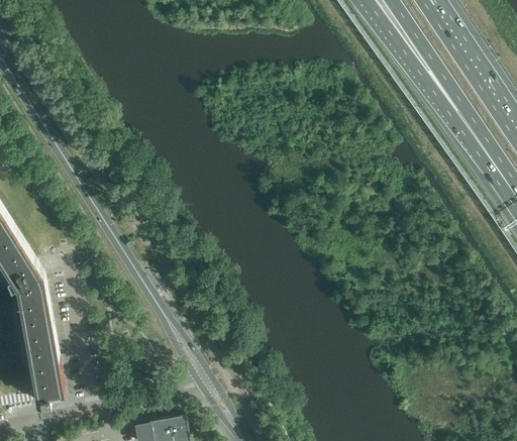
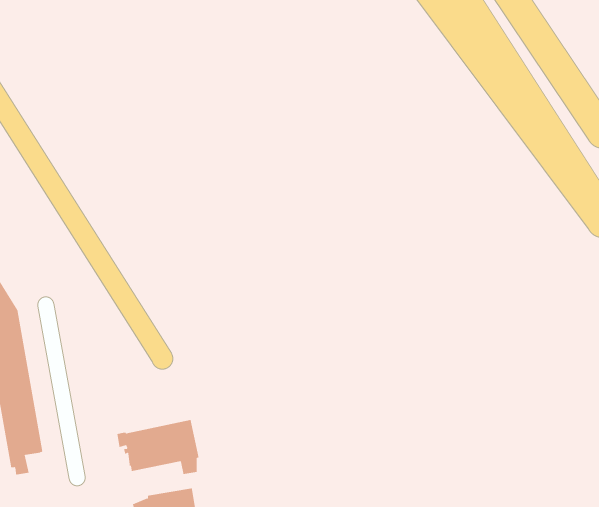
building: none -> [117,419,199,475]

